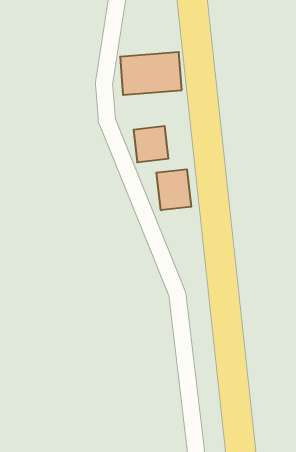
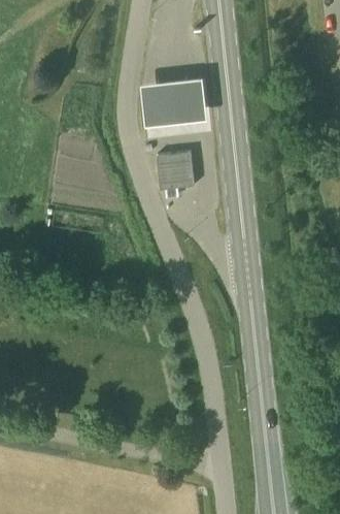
building: [156,169,191,210] -> none

